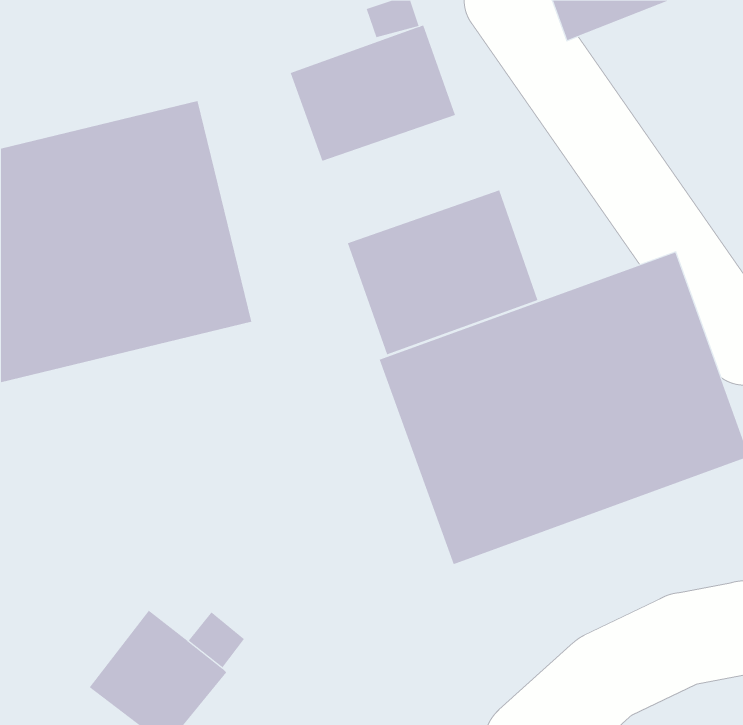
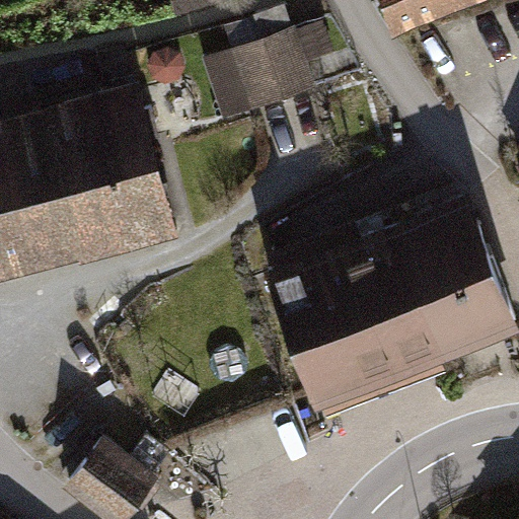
building: [347,190,538,355] -> none

